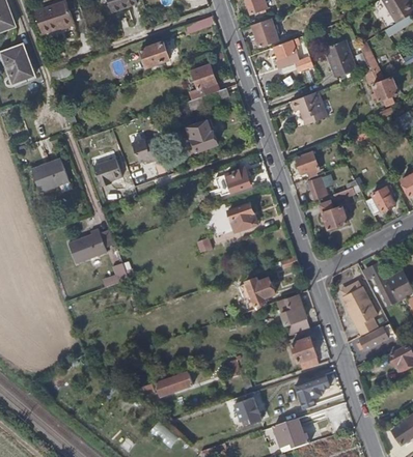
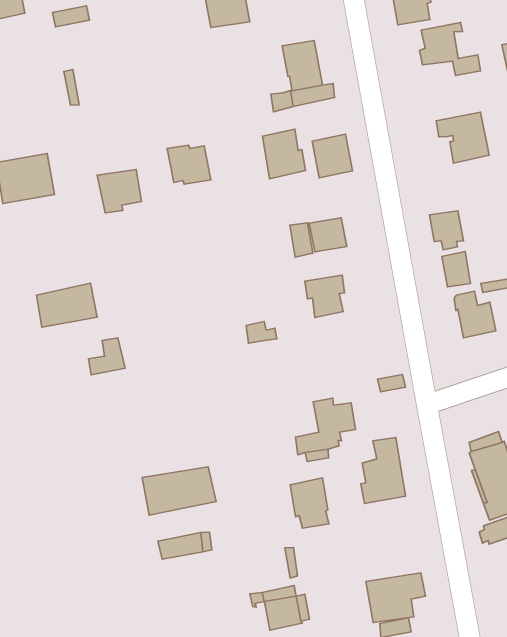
building: none -> [312,134,353,178]
building: none -> [142,467,216,515]
building: [293,337,320,369] -> [290,478,329,528]

